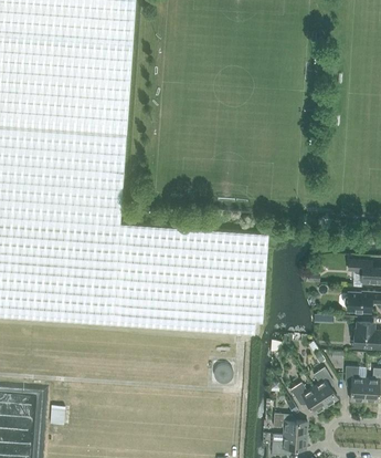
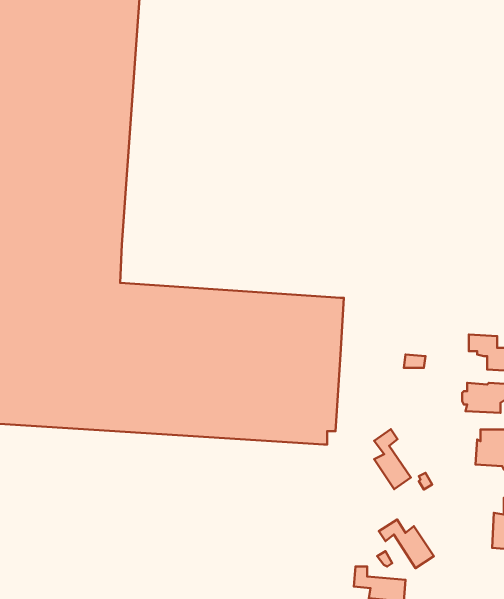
building: [313,366,337,406] -> [374,429,411,489]
building: [345,366,366,400] -> none

